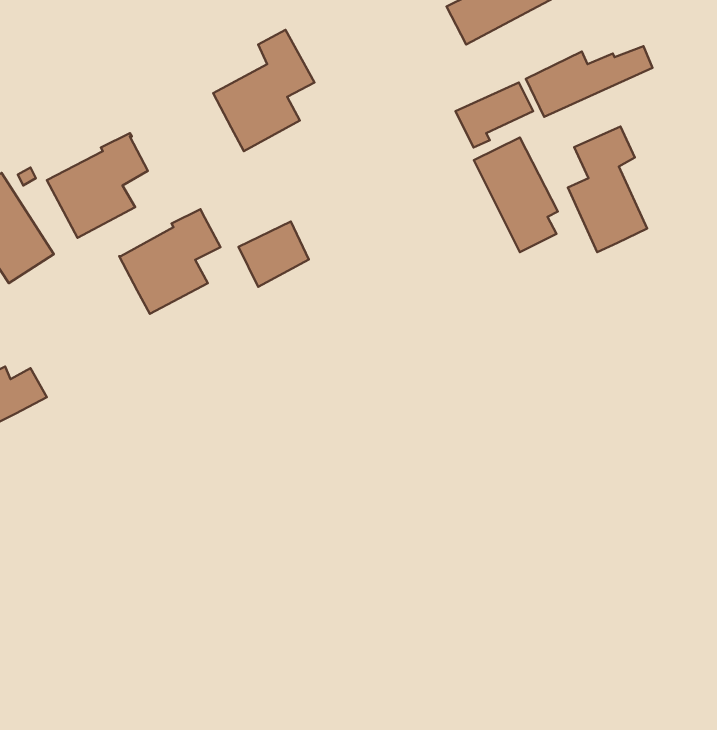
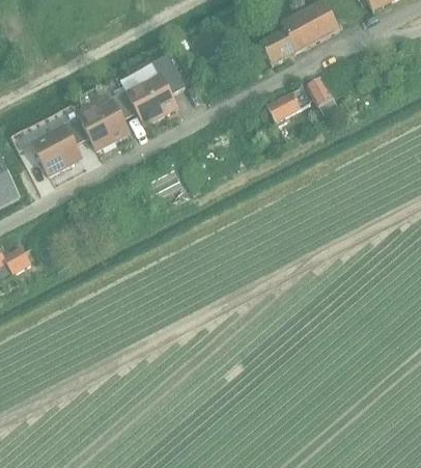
building: [568,126,647,252] -> none
building: [474,138,558,252] -> none
building: [119,209,220,314] -> [78,89,136,149]

